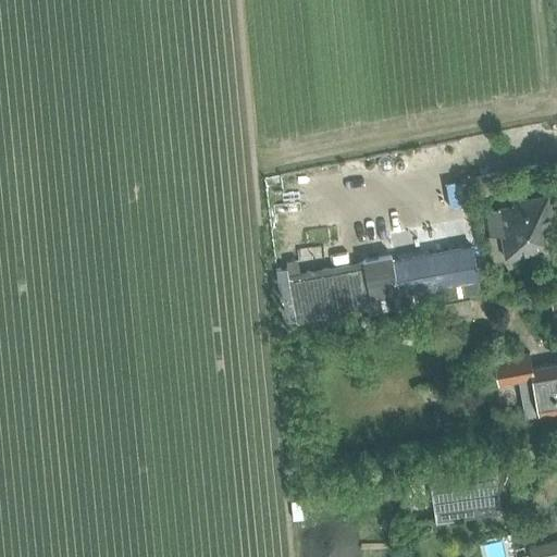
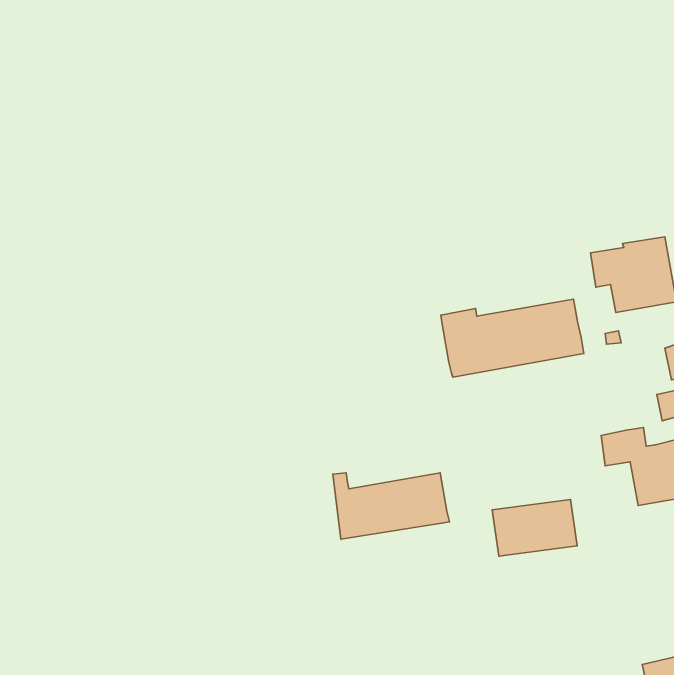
building: [277,268,373,322] -> [333,473,449,539]
building: [432,474,502,521] -> [492,499,577,556]

